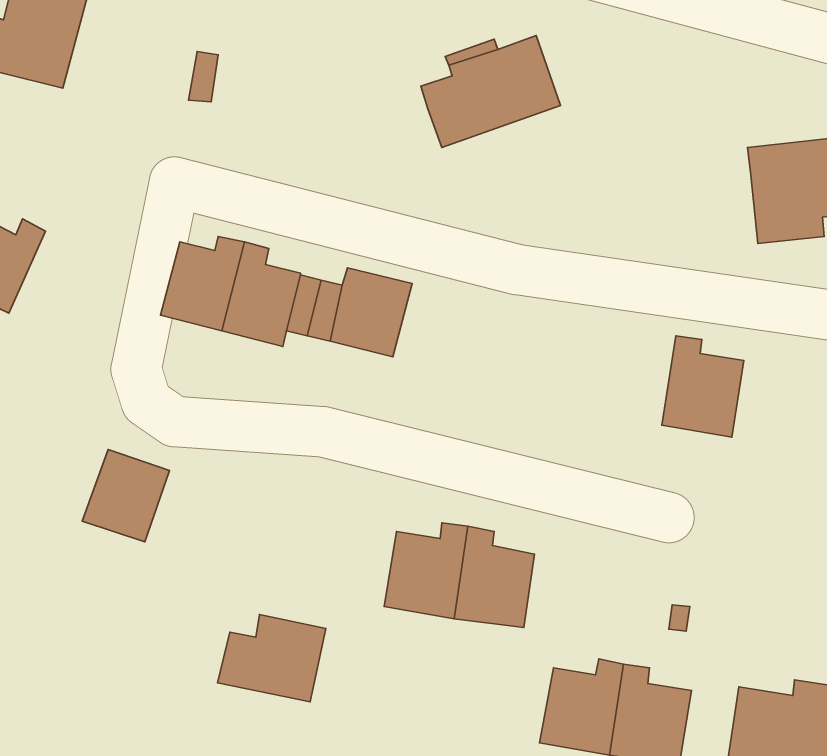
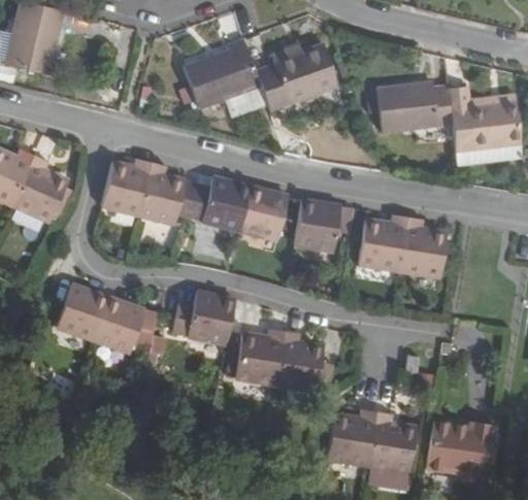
building: none -> [182,36,260,105]
building: none -> [376,81,451,132]
building: none -> [12,157,68,223]
building: none -> [239,188,288,240]
building: none -> [294,201,340,252]
building: none -> [357,216,406,271]
building: none -> [93,298,144,353]
building: [218,615,326,702] -> [171,293,235,344]

